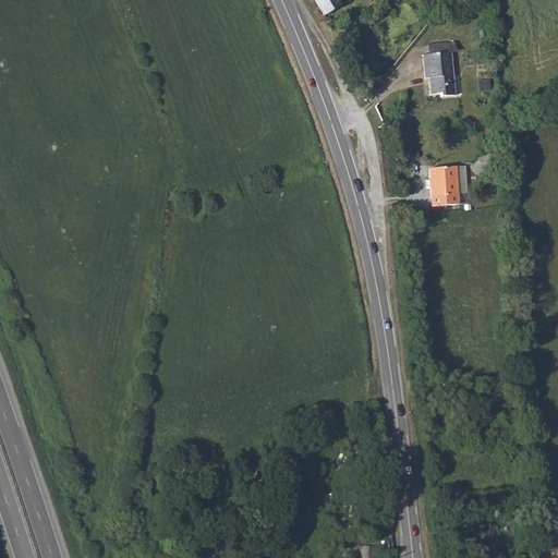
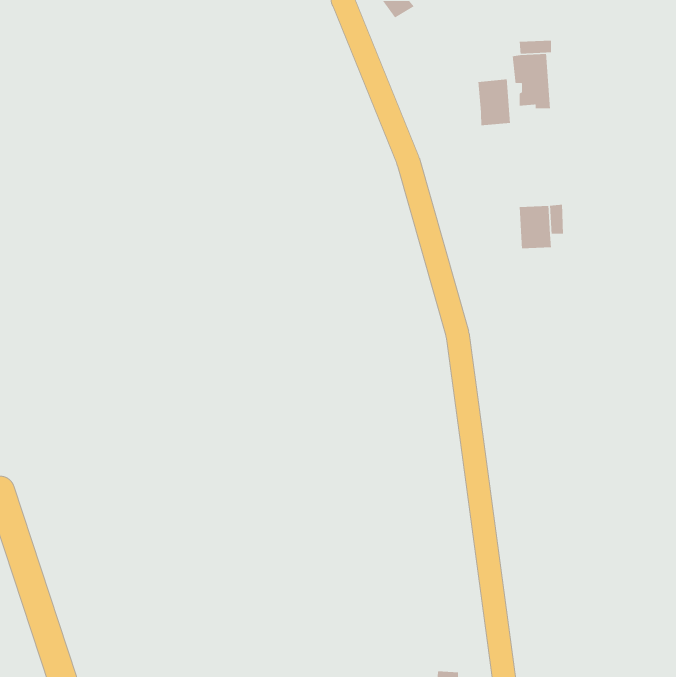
building: none -> [477,79,511,126]

